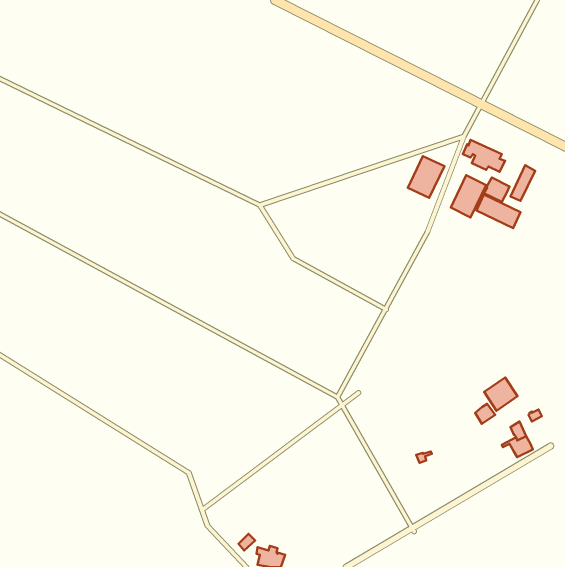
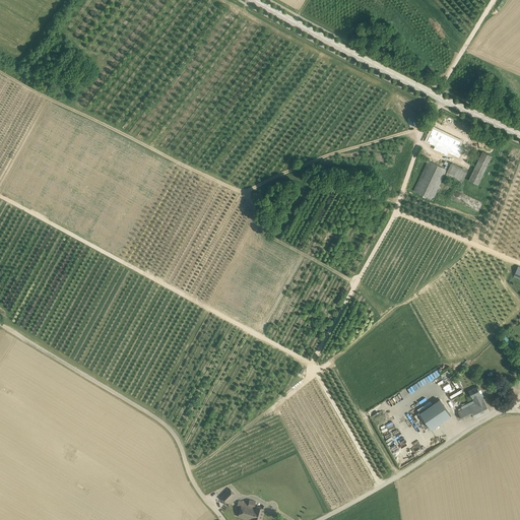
building: [408,156,444,198] -> none
building: [477,195,520,228] -> none
building: [484,377,517,411] -> [418,399,449,430]

